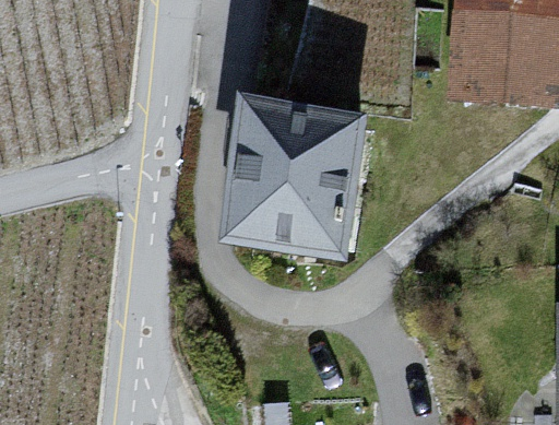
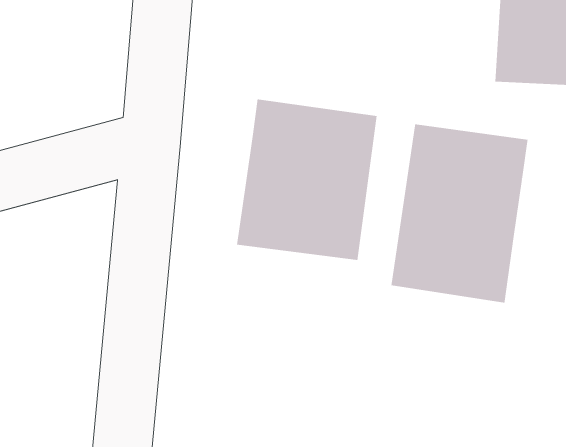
building: none -> [391,123,528,304]

